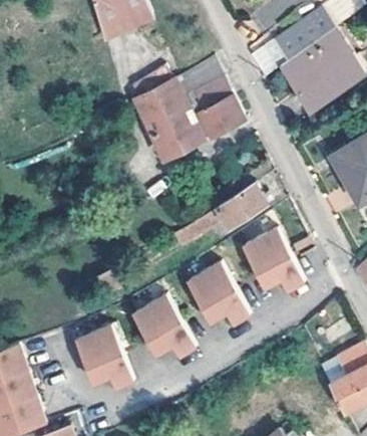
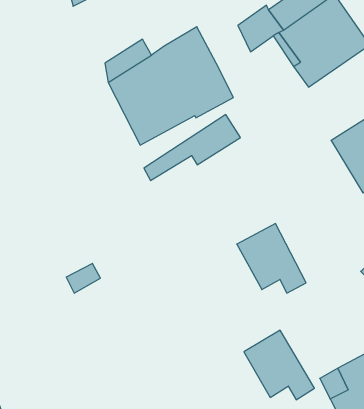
building: [180,183,266,241] -> [144,115,240,181]
building: [191,264,253,325] -> [244,330,314,400]
building: [135,297,199,358] -> none
building: [78,328,136,390] -> none

